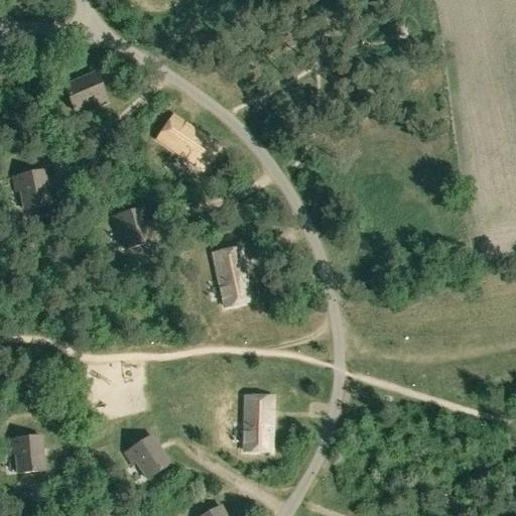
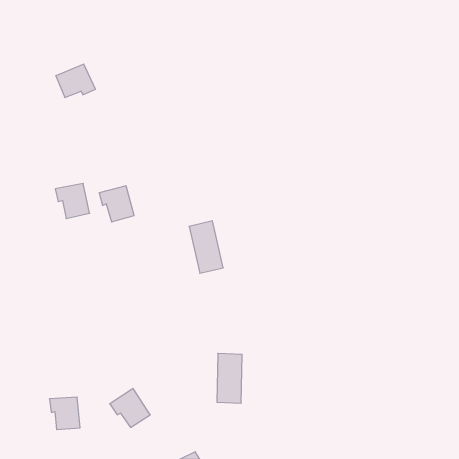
building: [157,115,217,168] -> none
building: [11,169,49,209] -> [55,183,90,219]
building: [8,435,42,472] -> [49,397,80,430]

